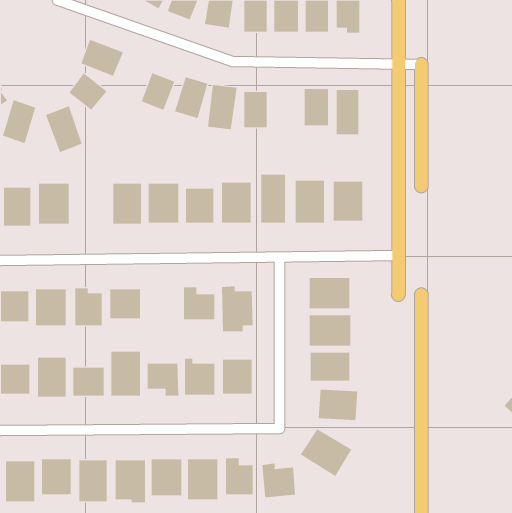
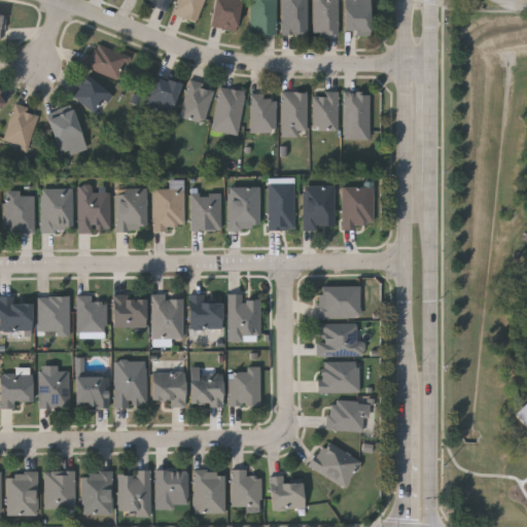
building: none -> [282,92,307,135]
building: none -> [78,185,111,232]
building: none -> [152,295,183,339]

